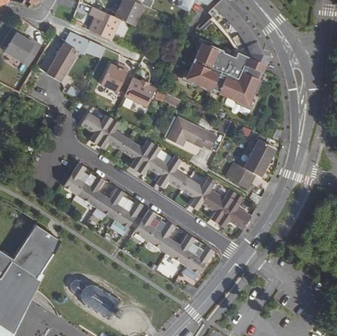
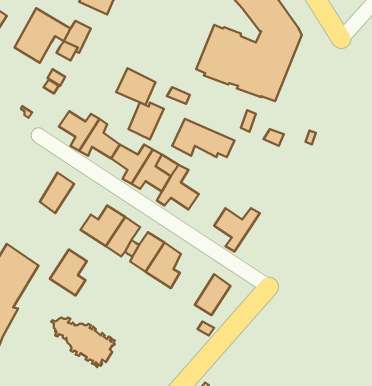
building: [99,65,127,94] -> [128,103,164,139]
building: [225,140,274,189] -> none
building: [74,171,103,207] -> [50,250,87,295]
building: [179,177,214,211] -> none
building: [215,194,248,230] -> none
building: [165,234,199,266] -> none

